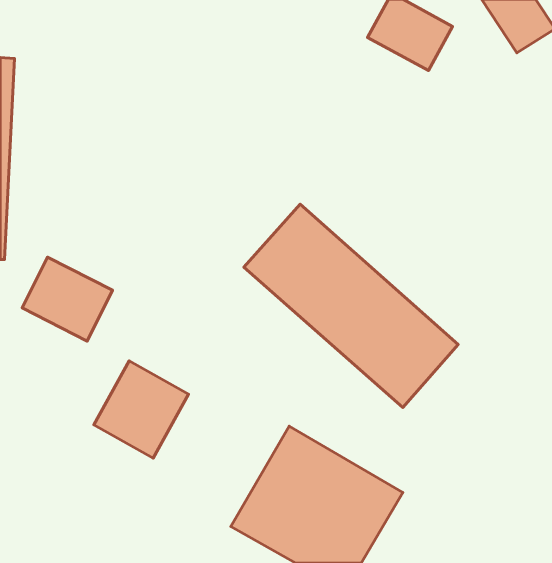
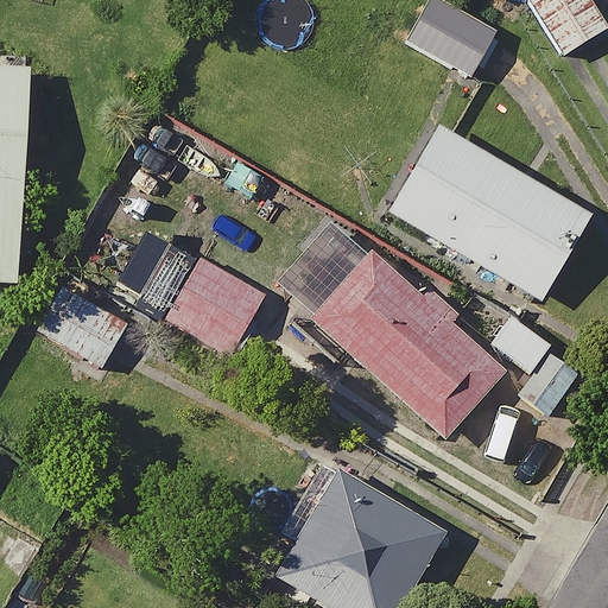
building: none -> [388,126,591,300]
building: [94,361,189,458] -> [164,255,266,360]

